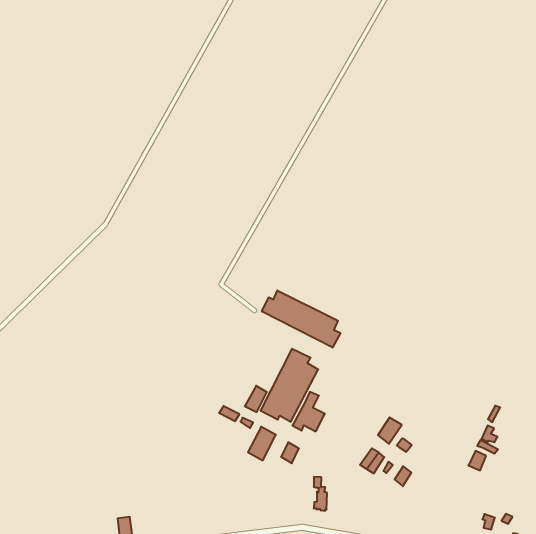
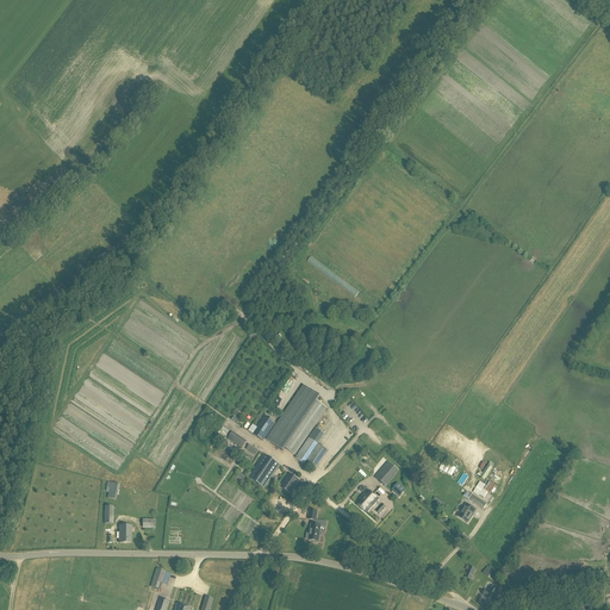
building: [262,290,340,348] -> none

